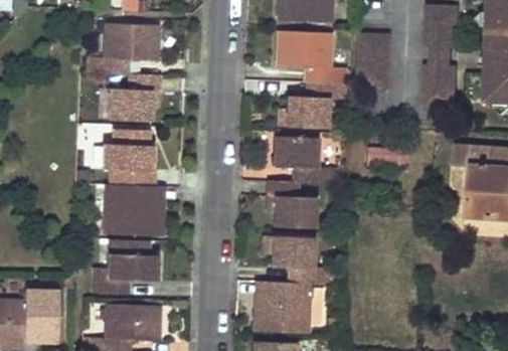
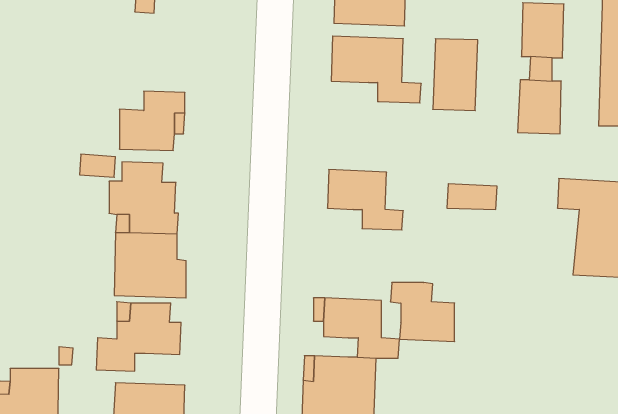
building: [88,24,158,74] -> none
building: [286,82,345,128] -> none
building: [266,181,316,227] -> [390,283,455,342]

